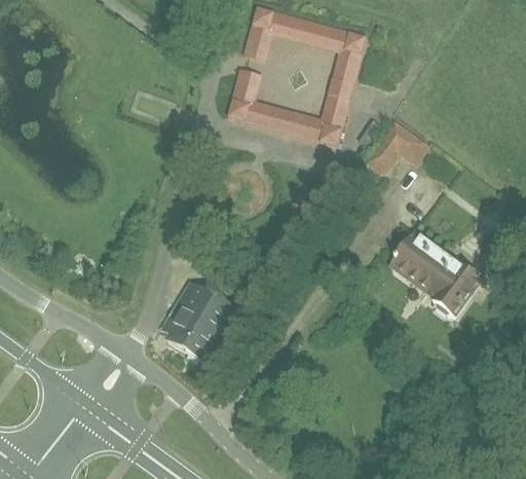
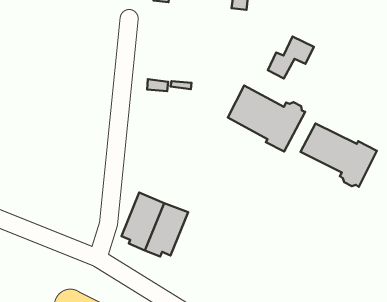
building: [227,67,349,145] -> none
building: none -> [228,85,305,152]

